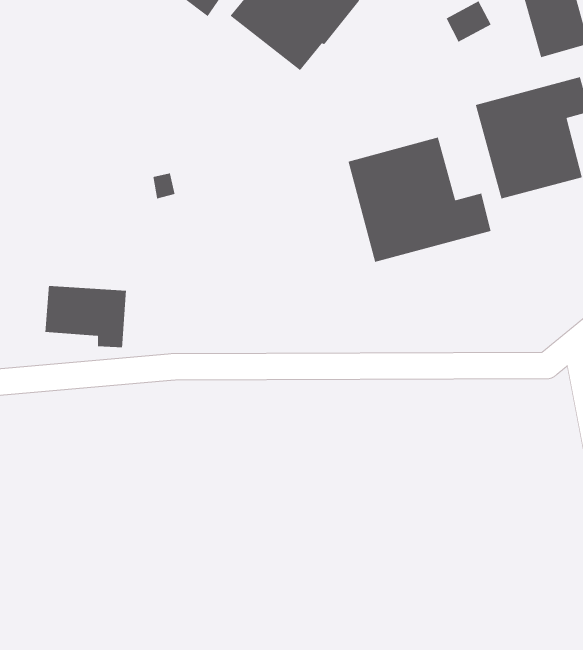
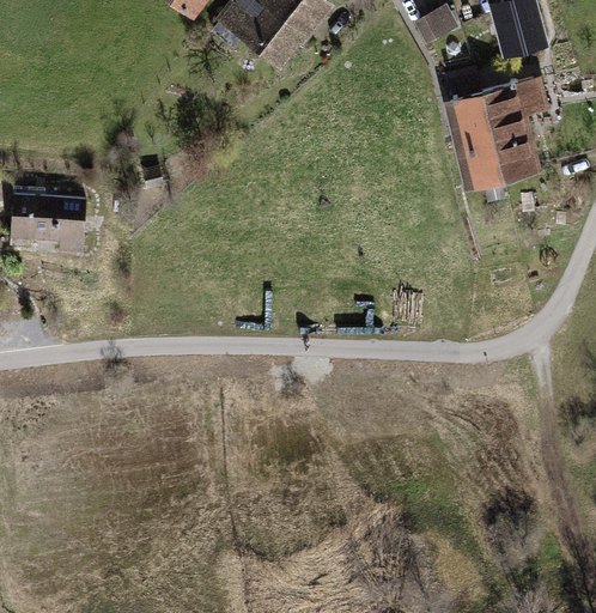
building: [347,137,491,263] -> none
building: [44,285,127,348] -> [10,193,86,251]

